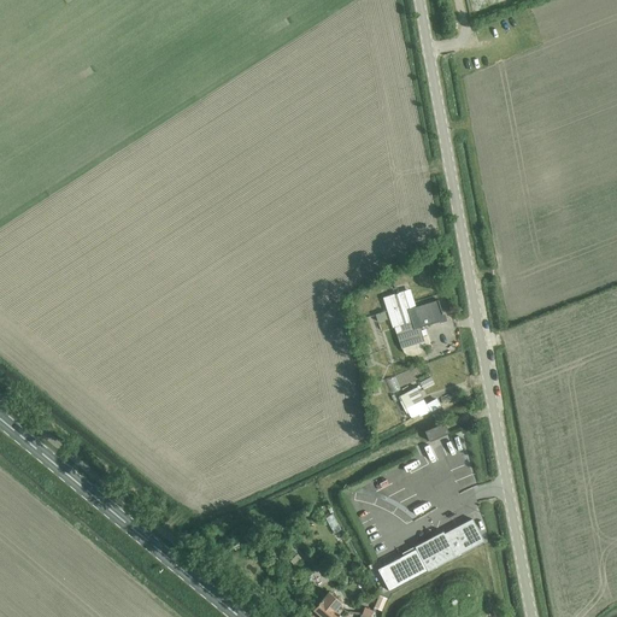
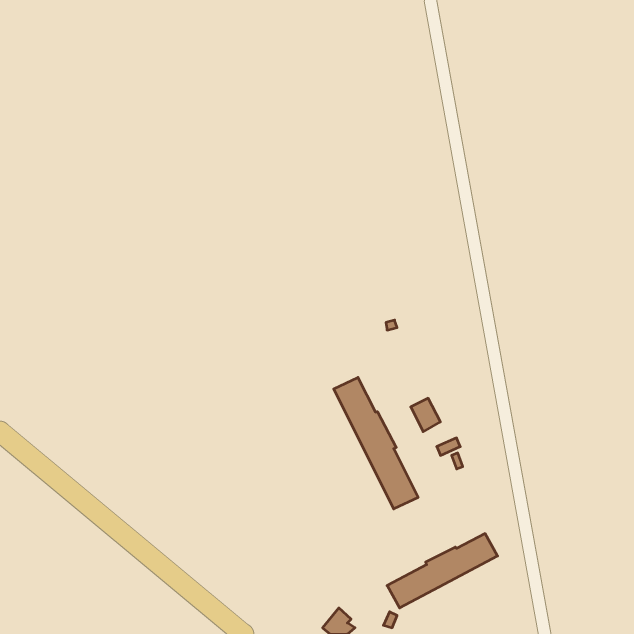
building: [388,292,442,348] -> none
building: none -> [334,377,418,509]

